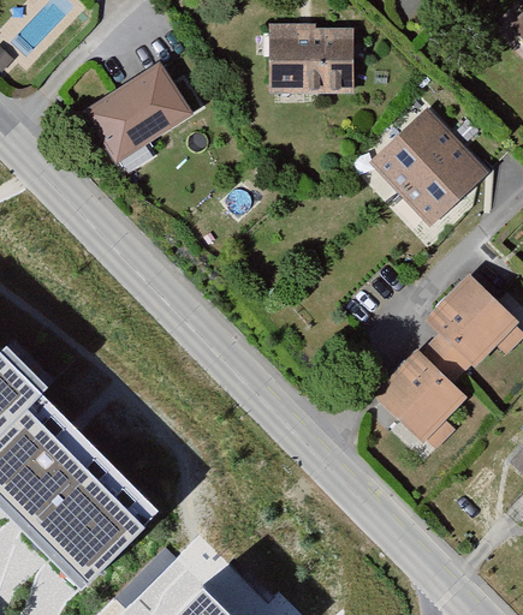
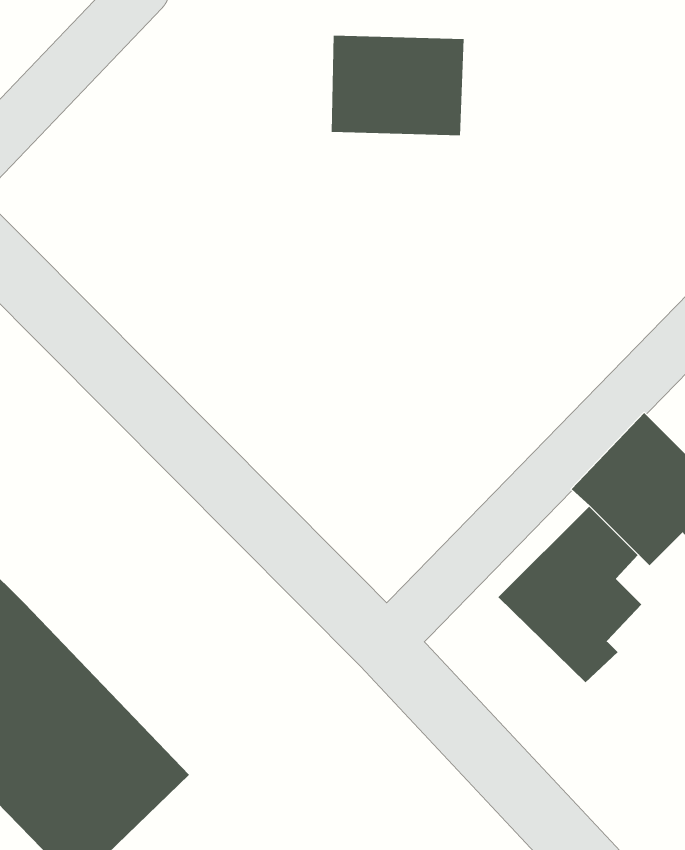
building: [87,60,196,157] -> none
building: [363,107,481,226] -> none

